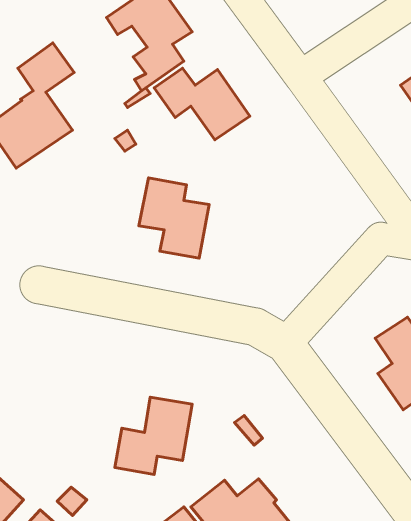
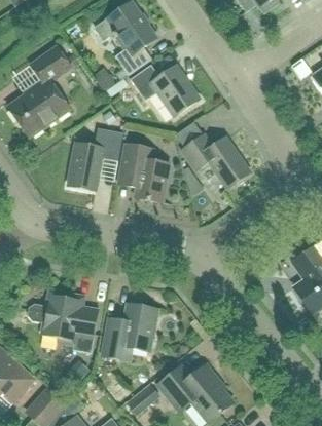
building: none -> [67,127,122,190]
building: none -> [181,133,250,188]
building: none -> [27,289,99,352]

